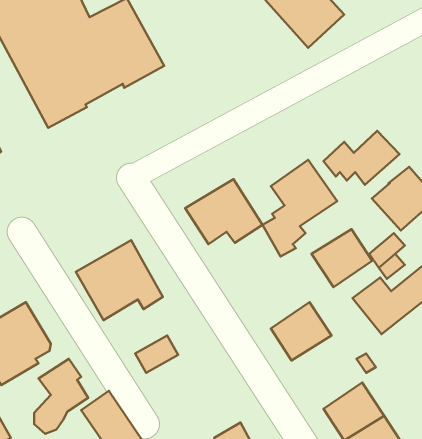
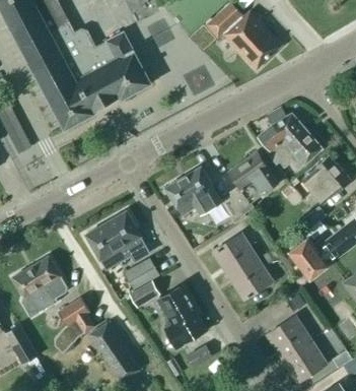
building: none -> [258,113,306,153]
building: [311,229,372,287] -> [212,234,257,276]
building: none -> [124,258,159,290]
building: none -> [158,285,206,347]

